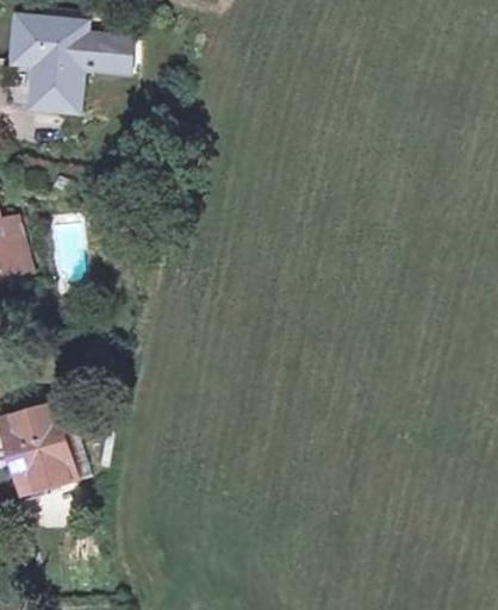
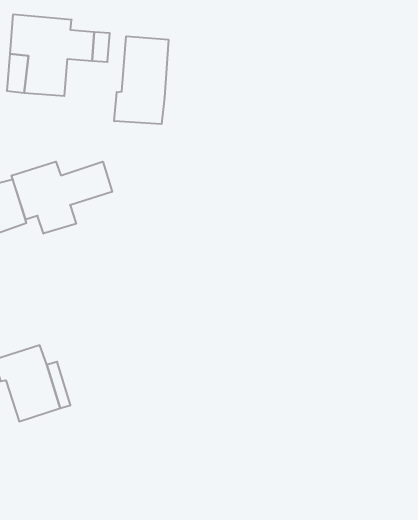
building: none -> [114,36,168,124]
building: none -> [12,162,112,234]

